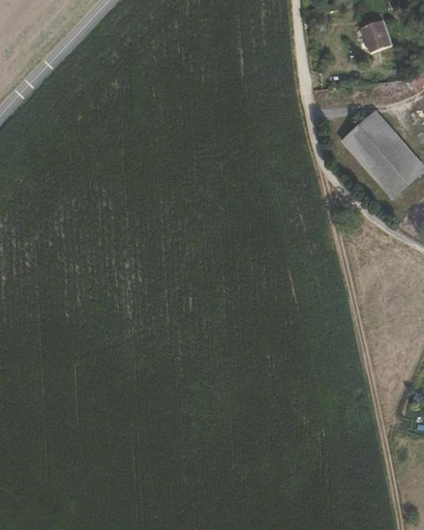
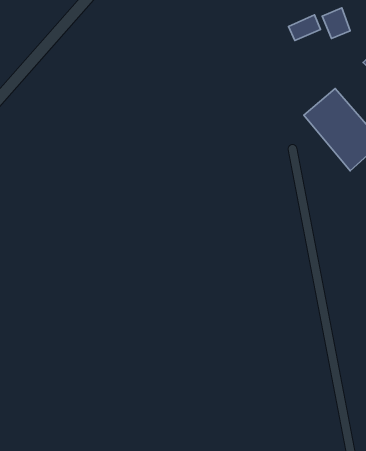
building: none -> [289,15,320,40]

